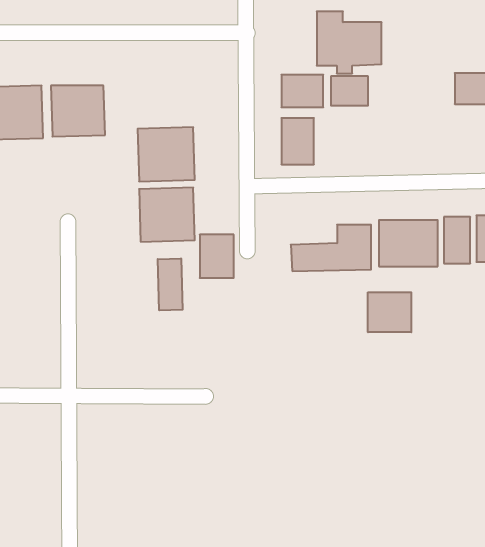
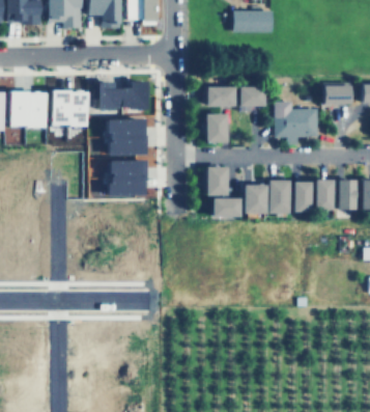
building: [317,11,382,73] -> [277,103,320,144]
building: none -> [98,83,148,110]
building: [200,235,234,278] -> [205,167,228,196]
building: [158,258,183,310] -> none
building: [368,292,411,332] -> none

